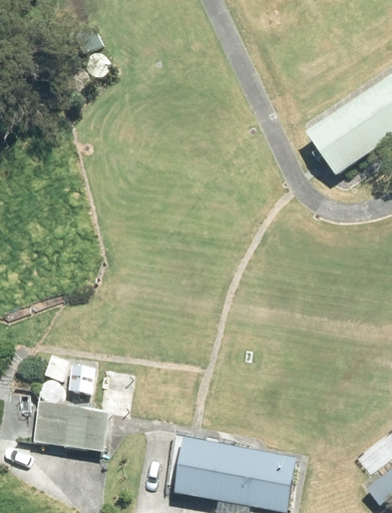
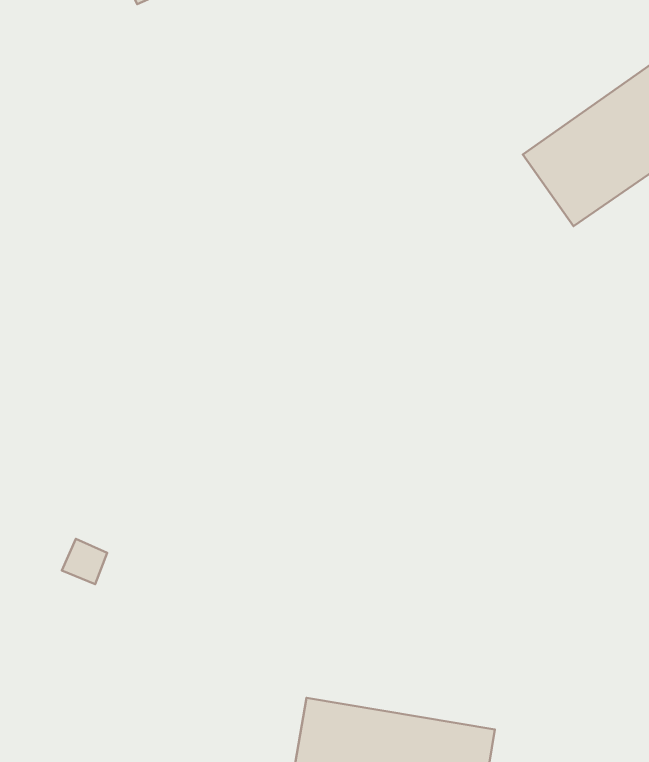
building: [32,399,109,449] -> none

